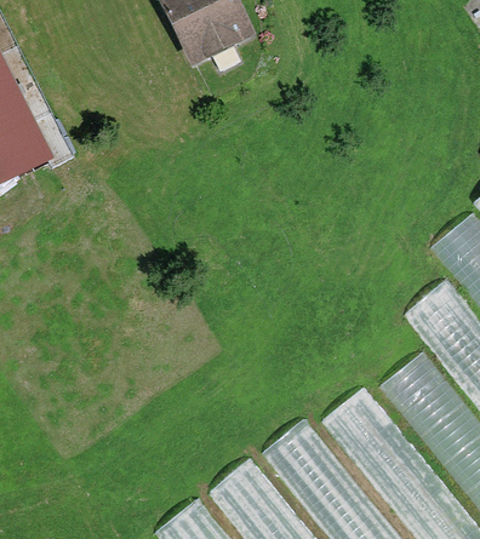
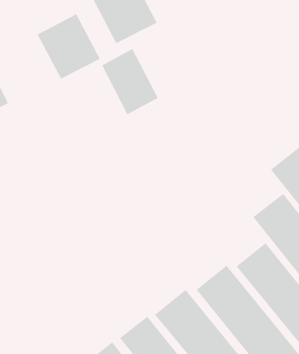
building: none -> [37,14,100,79]
building: none -> [101,48,158,115]

